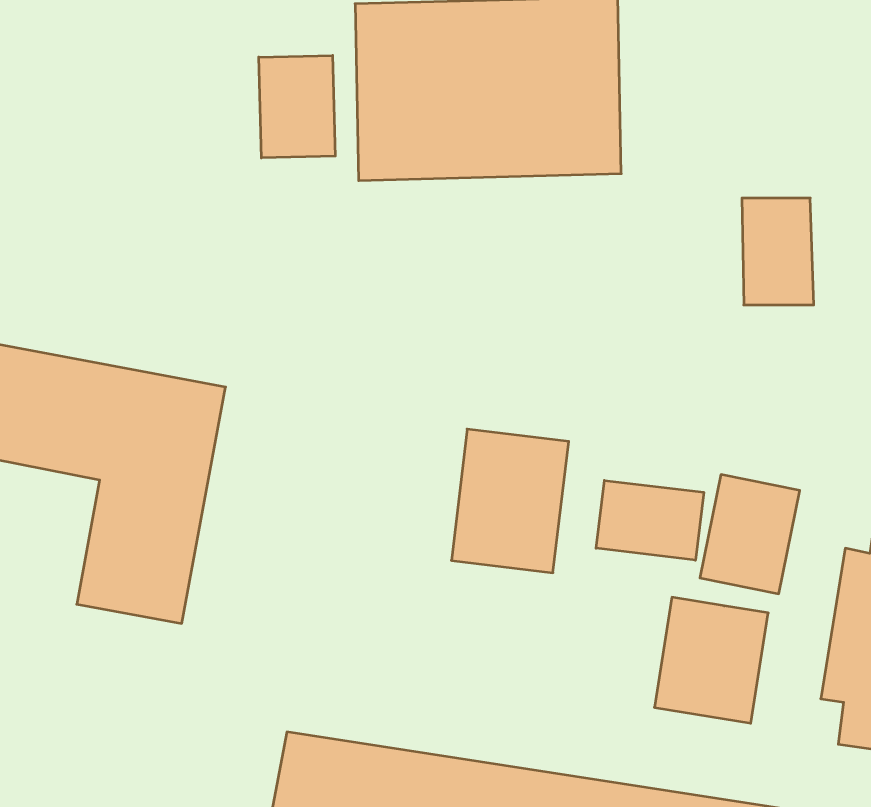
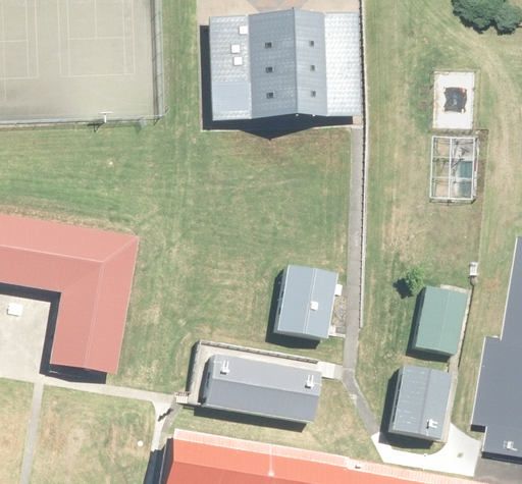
building: [259,55,335,158] -> none
building: [596,480,704,560] -> none
building: none -> [203,354,324,418]

